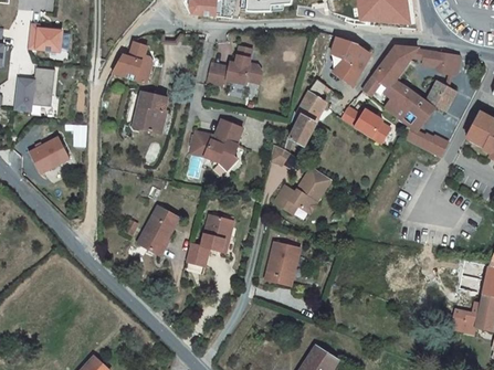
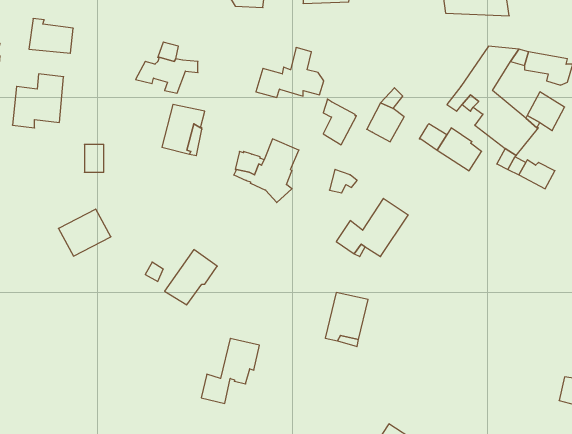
building: [330,36,369,85] -> none
building: [291,109,317,146] -> [323,99,356,145]
building: [29,136,71,173] -> [58,209,111,256]
building: [186,216,232,268] -> [201,338,259,403]

